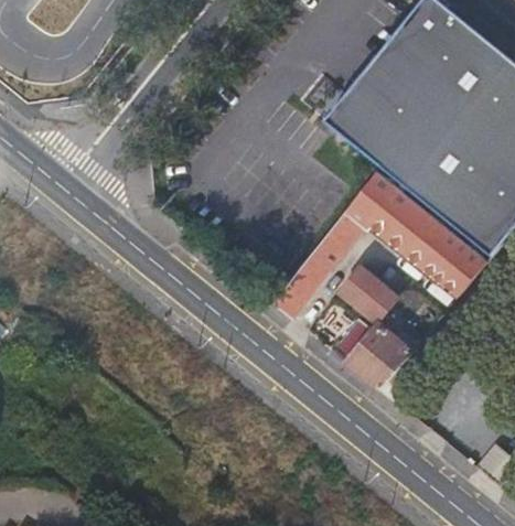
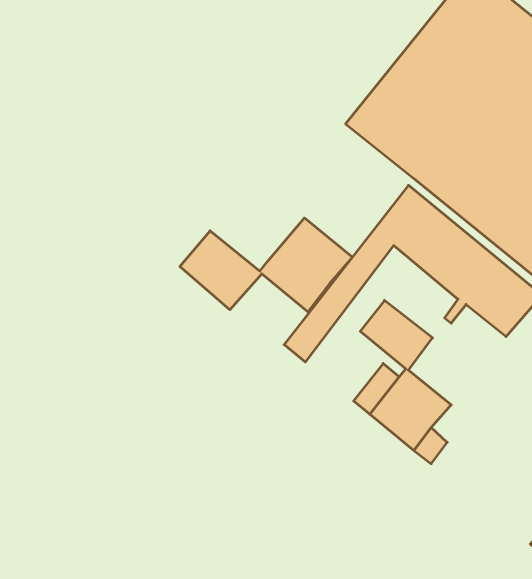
building: none -> [180,218,352,312]

